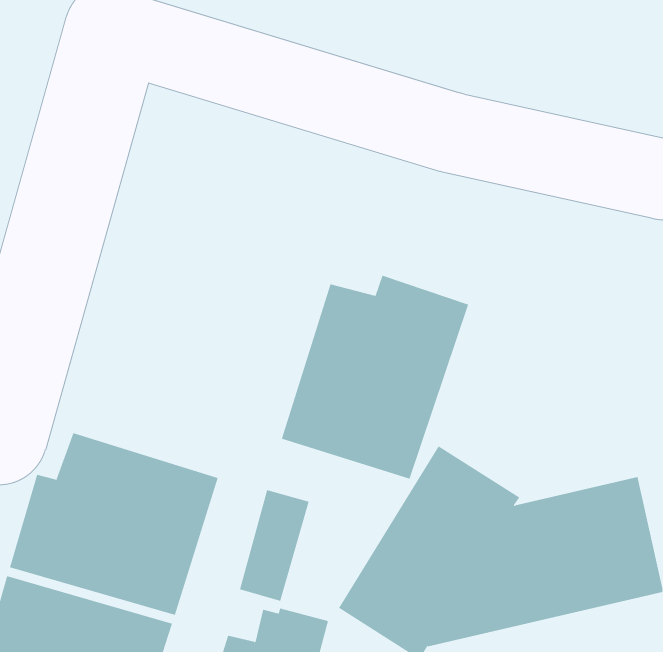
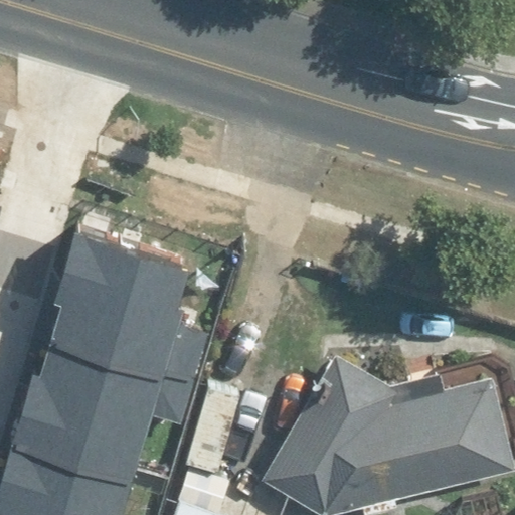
building: [281,275,469,480] -> none
building: none -> [52,243,185,364]

